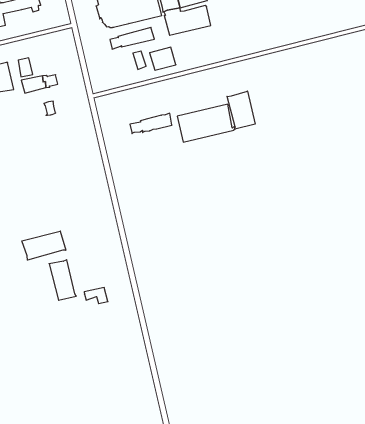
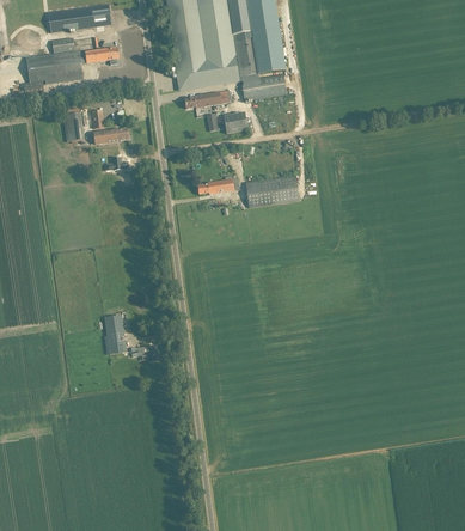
building: [227,91,255,129] -> none
building: [22,231,66,260] -> none

